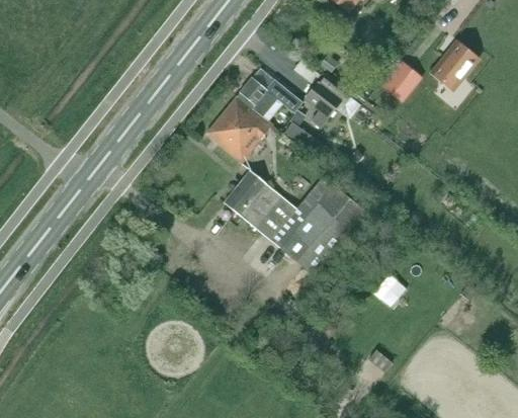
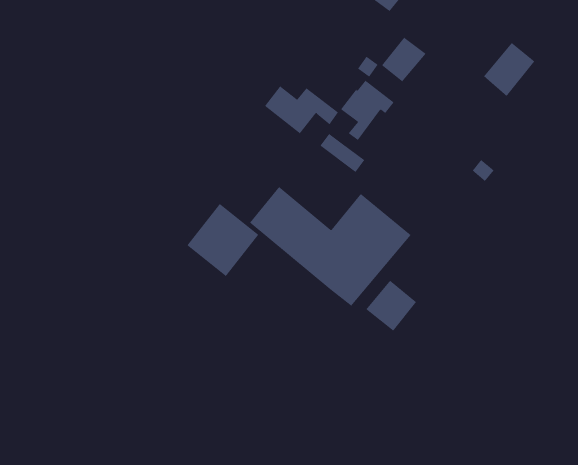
building: [381,60,422,100] -> [381,37,426,82]
building: [206,96,271,162] -> [187,203,259,277]
building: none -> [365,280,417,331]

